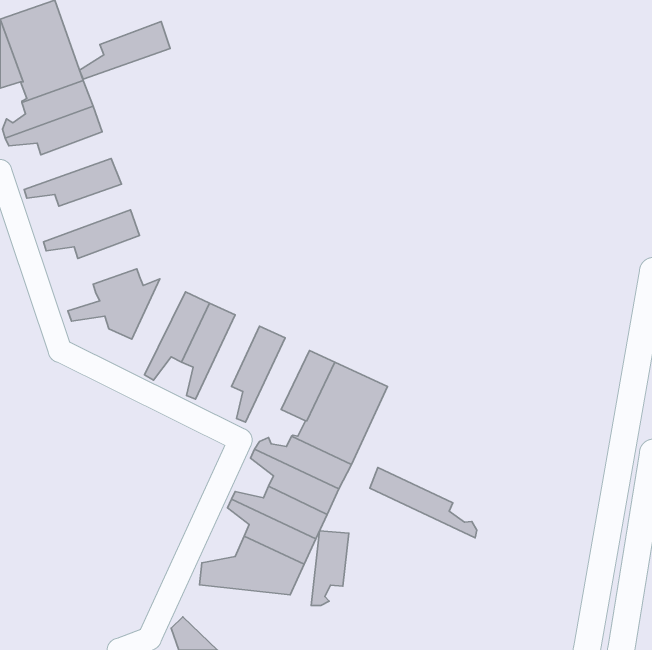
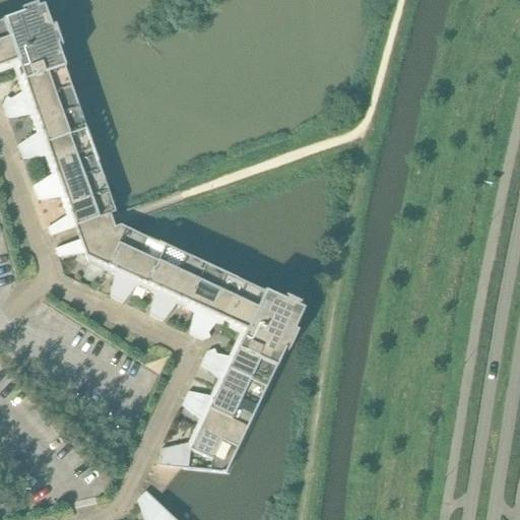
building: [79,22,170,79] -> [17,105,89,150]
building: none -> [32,146,105,192]
building: none -> [48,187,120,235]
building: none -> [106,221,148,298]
building: none -> [156,250,207,320]
building: none -> [196,268,247,338]
building: [370,467,477,538] -> none
building: [311,531,349,606] -> none

